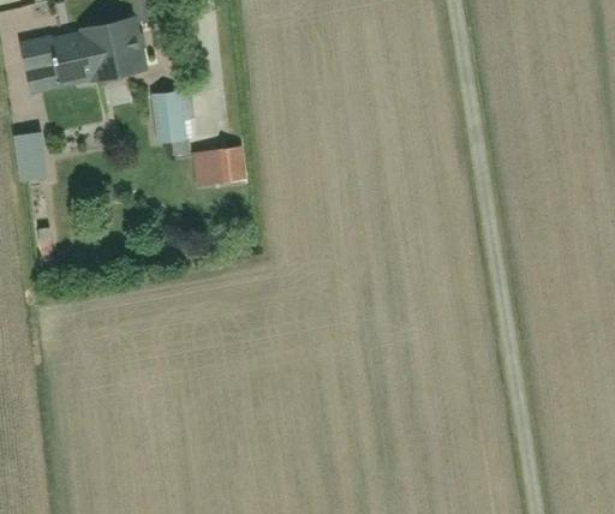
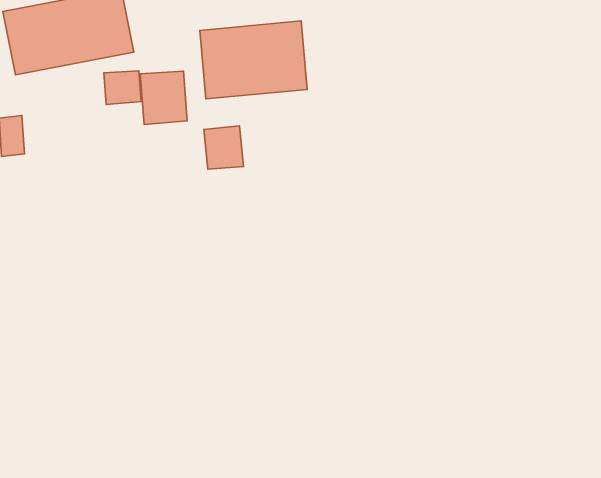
building: none -> [200,21,307,99]
building: none -> [104,71,141,105]

